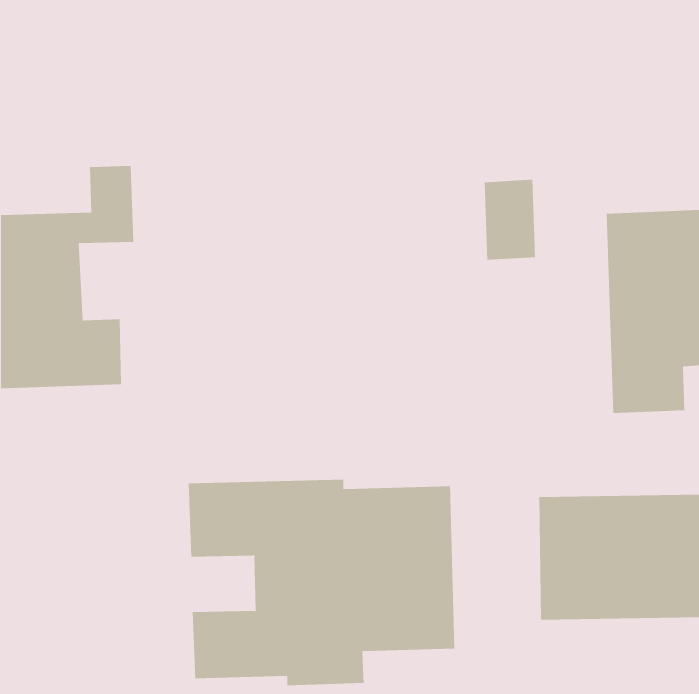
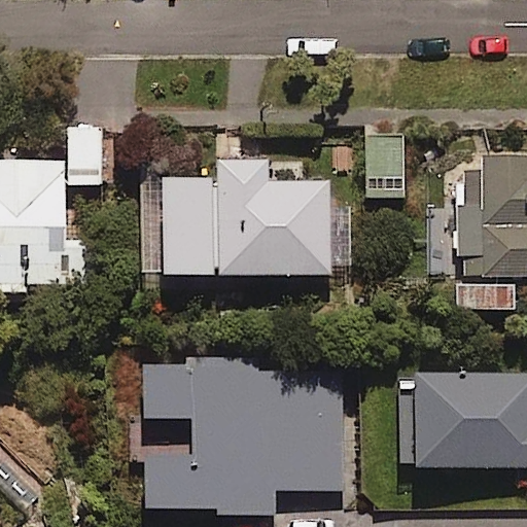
building: none -> [140,161,327,275]

